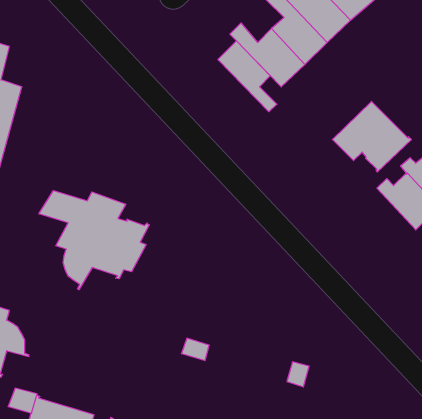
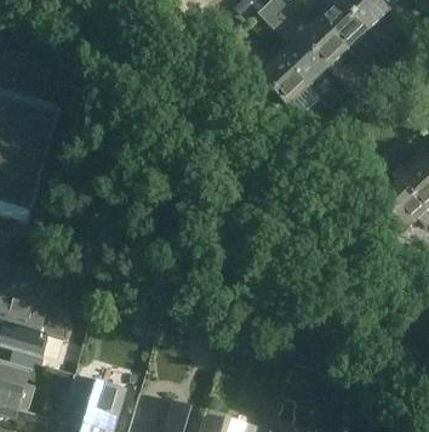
building: [218,41,277,112] -> none
building: [332,101,411,172] -> none
building: [39,191,149,290] -> none

